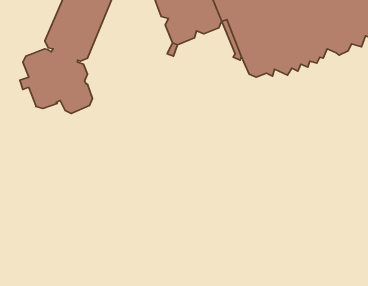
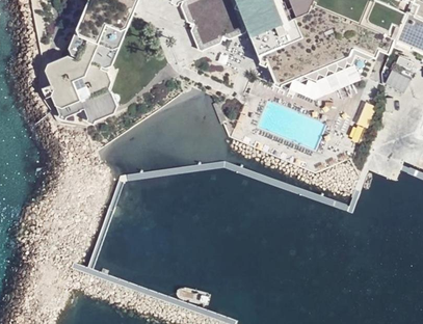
building: none -> [283,55,367,98]

